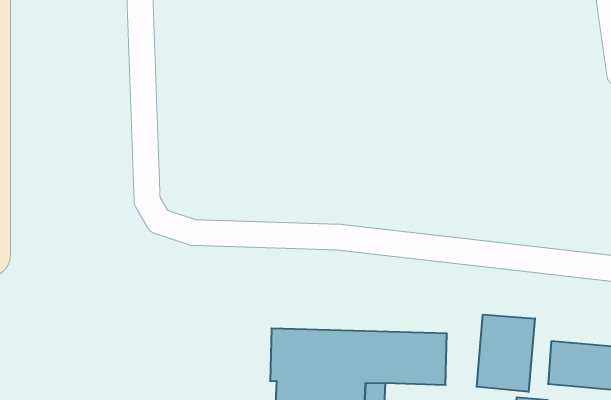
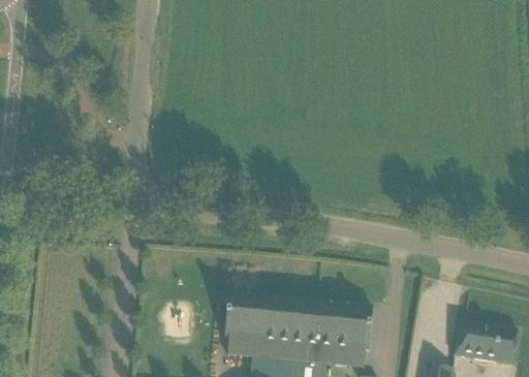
building: [477,315,535,392] -> none

